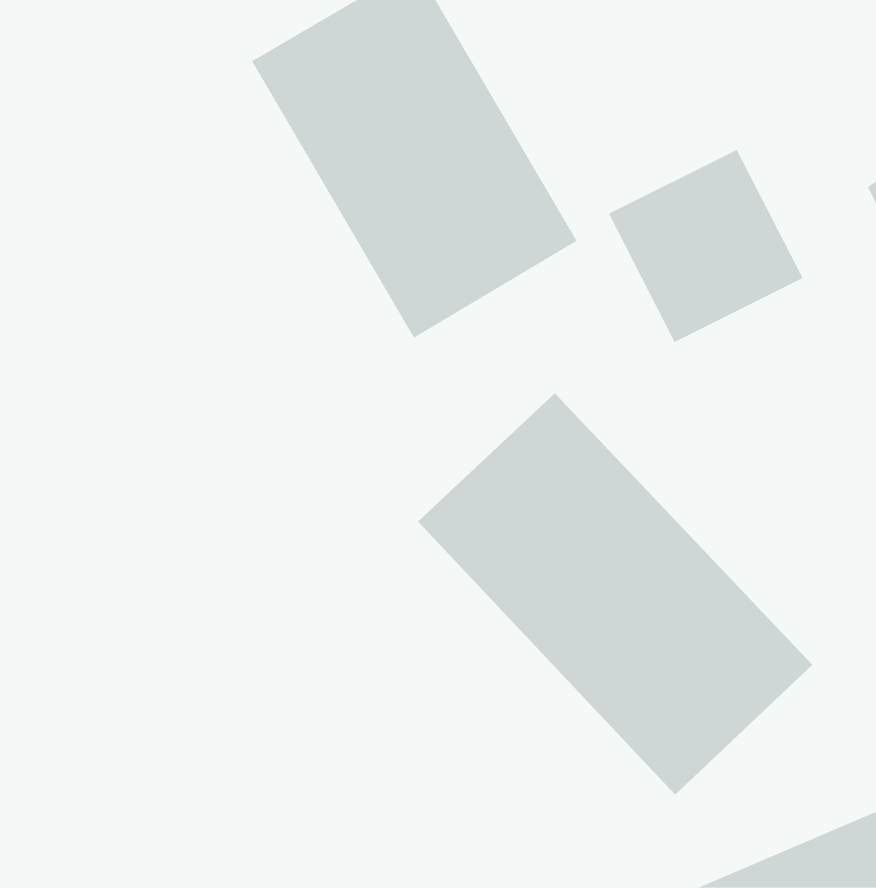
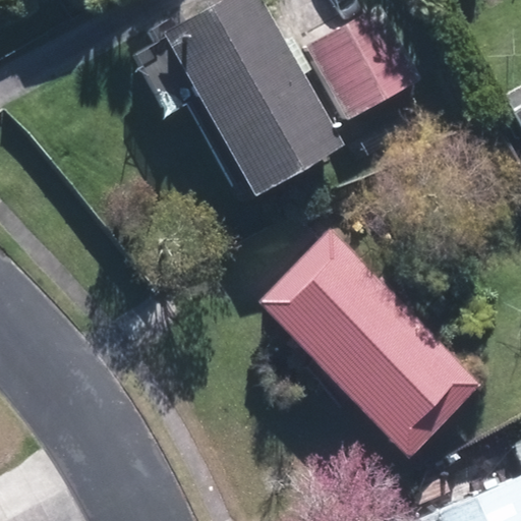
building: [608,149,803,343] -> [309,9,423,122]

